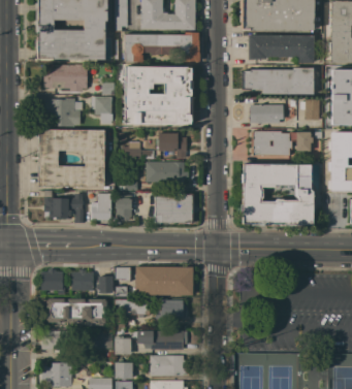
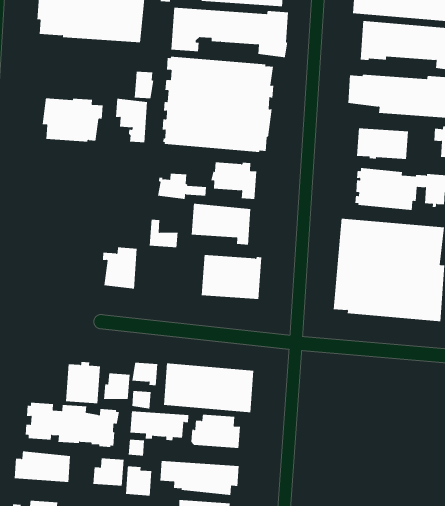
building: [44,64,89,92] -> none
building: [38,129,105,187] -> none
building: [44,191,86,220] -> none
building: [117,195,133,220] -> none
building: [42,269,66,294] -> none

